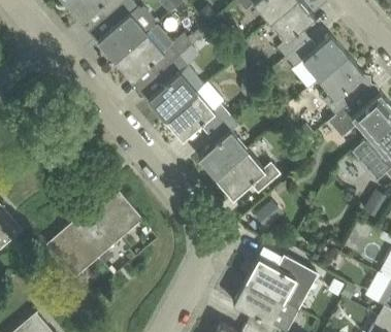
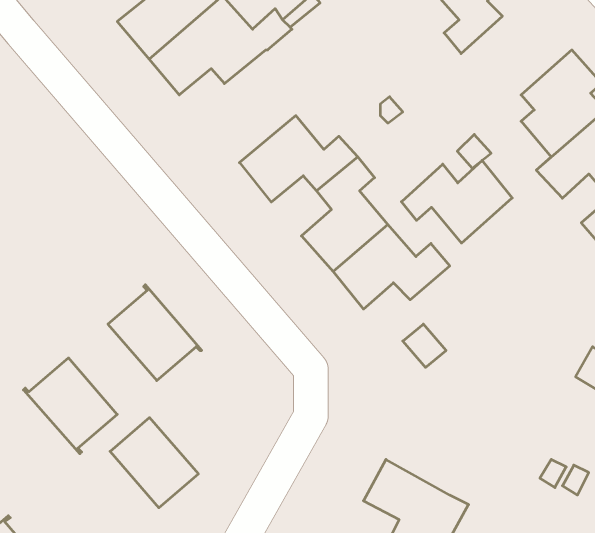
building: [287,36,348,81] -> [401,160,512,243]
building: [149,57,204,119] -> none
building: [71,207,120,257] -> [110,418,198,508]
building: [246,257,309,301] -> none

